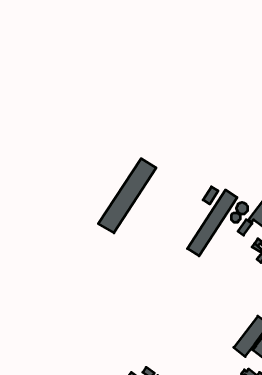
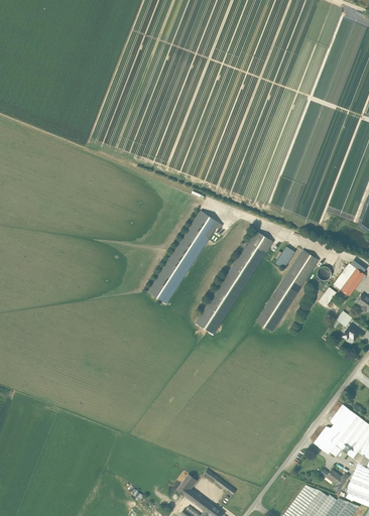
building: none -> [196,231,272,334]

